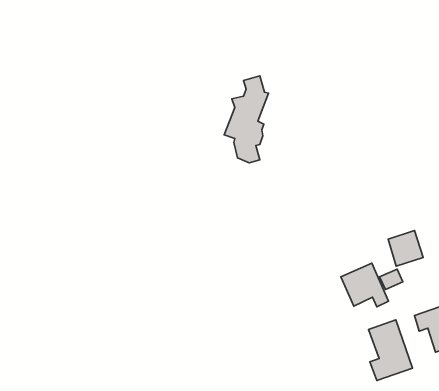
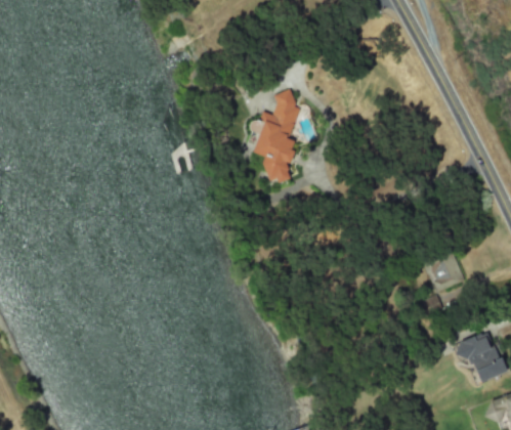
building: [341,263,389,307] -> none
building: [369,320,412,380] -> none

